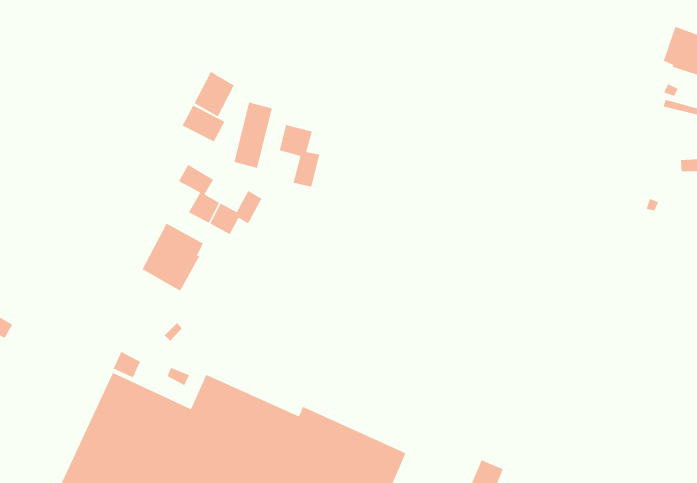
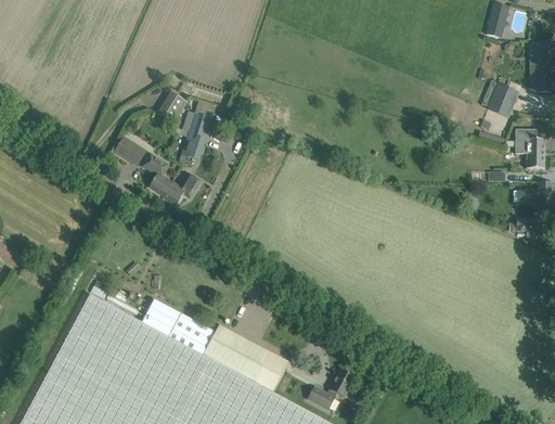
building: [181,104,225,143] -> [114,139,144,166]
building: [279,124,320,187] -> none
building: [142,223,204,292] -> none

